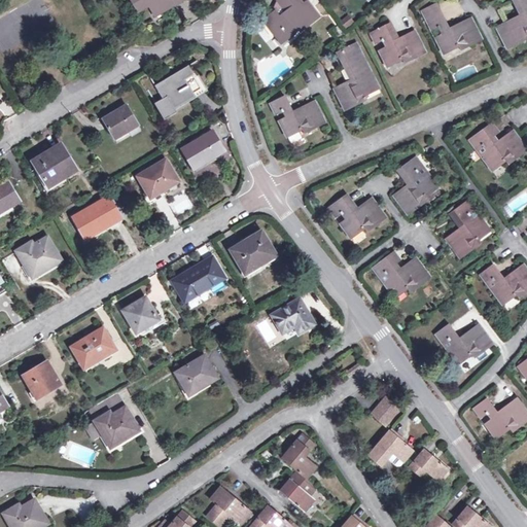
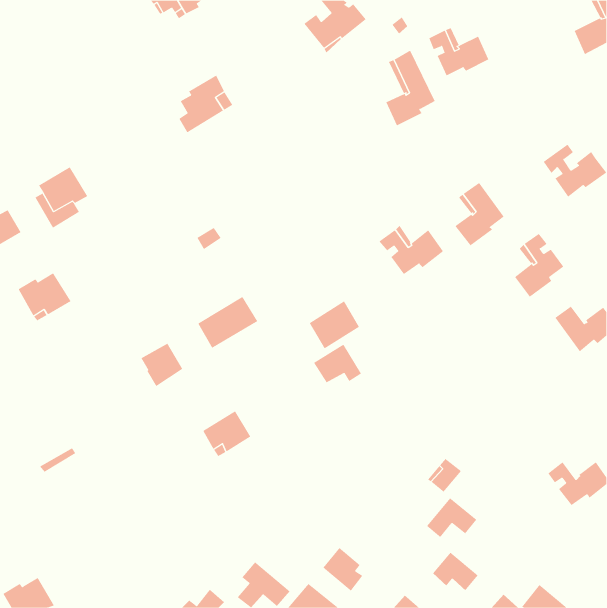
building: [422,4,480,52] -> none
building: [270,96,323,136] -> none
building: [102,105,137,138] -> none
building: [180,131,223,166] -> none
building: [137,160,177,197] -> none
building: [74,197,120,236] -> none
building: [230,231,274,273] -> [309,301,360,349]
building: [373,253,427,297] -> none
building: [435,325,491,364] -> none
building: [71,329,114,365] -> none
building: [22,361,60,397] -> none
building: [94,407,138,448] -> none
building: [281,433,316,479] -> none
building: [408,448,448,482] -> [432,552,479,591]

